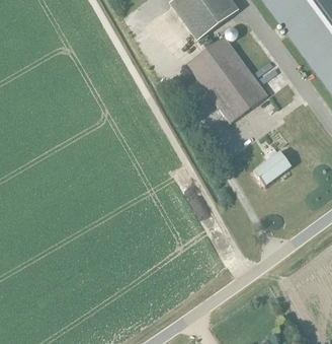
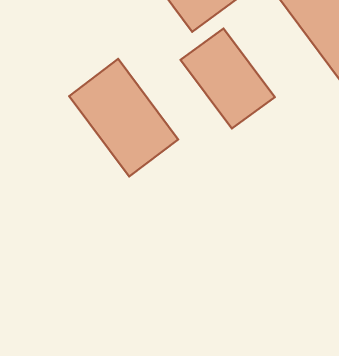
building: none -> [69,59,178,177]
building: [253,151,290,186] -> none

